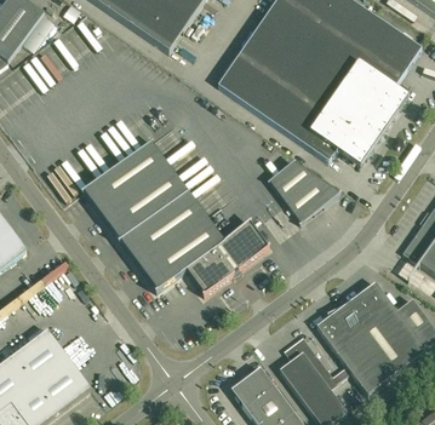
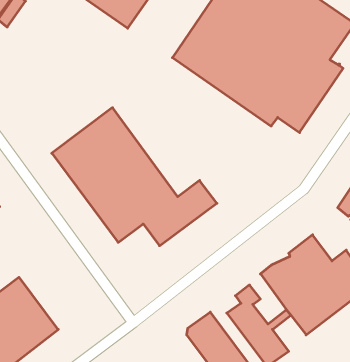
building: [269,161,339,222] -> none

